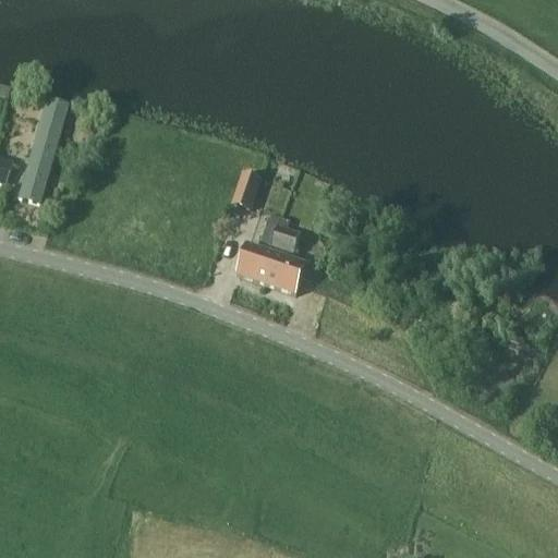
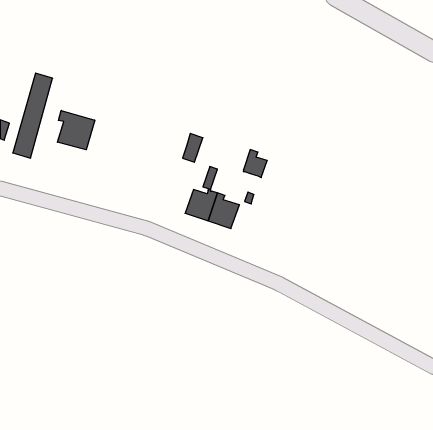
building: none -> [57,110,95,150]
building: [271,217,302,253] -> [243,150,267,178]

